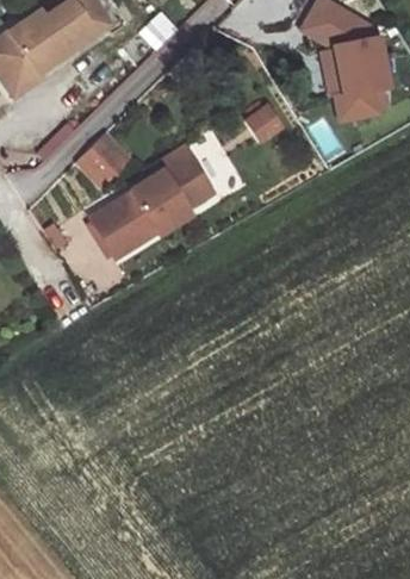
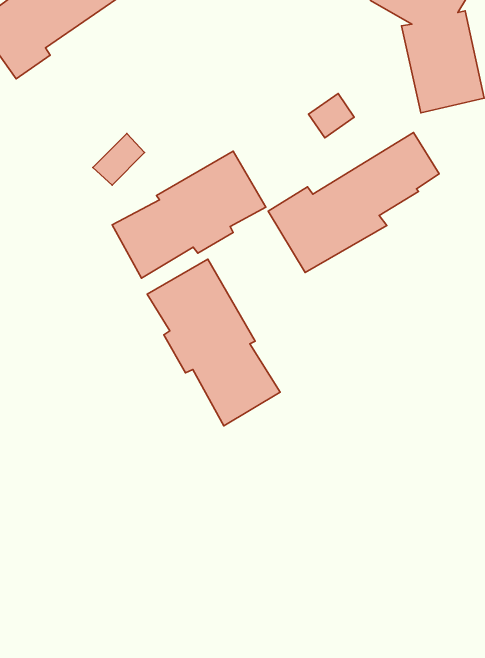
building: none -> [268,132,439,272]
building: none -> [147,259,280,426]

